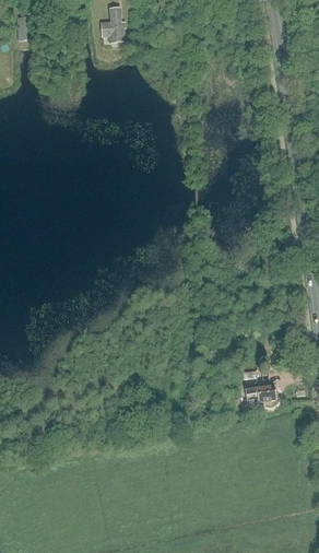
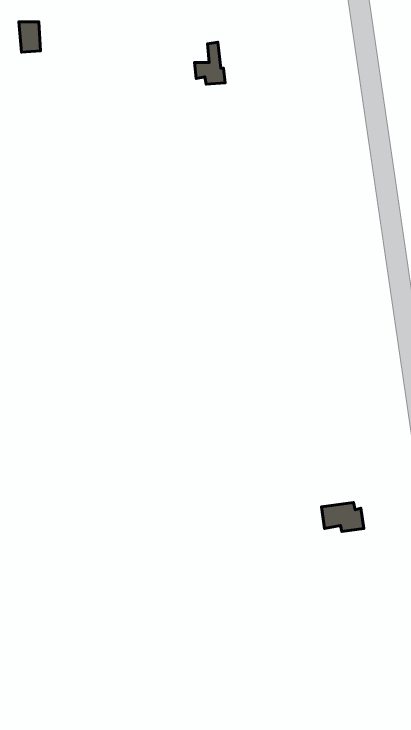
building: [102,9,125,40] -> [195,42,225,84]

